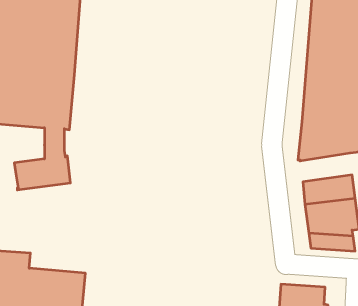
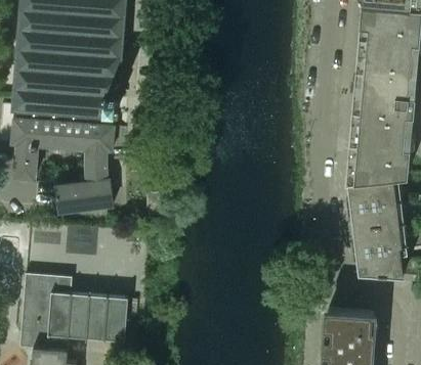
building: none -> [347,175,401,204]

